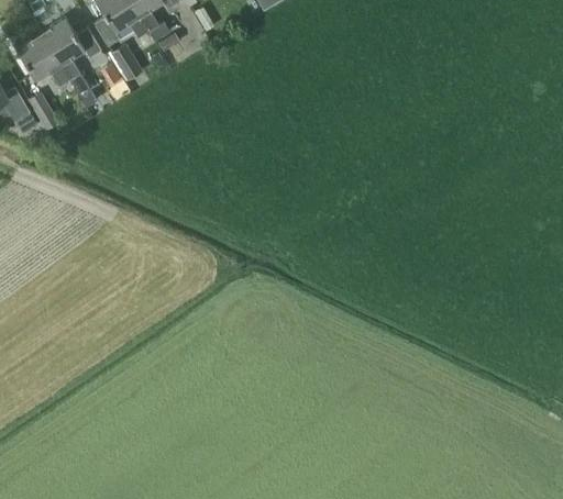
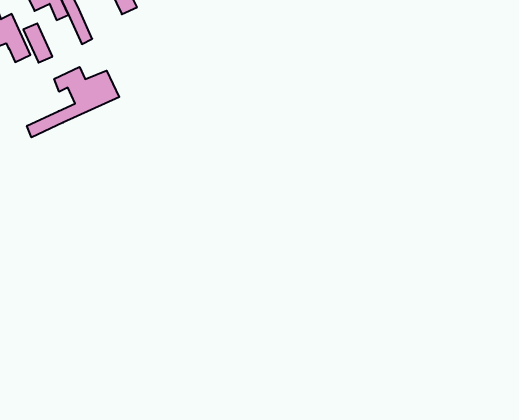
building: none -> [27,67,119,137]

